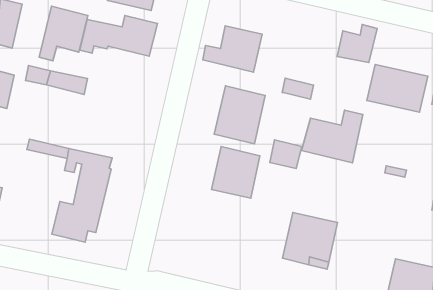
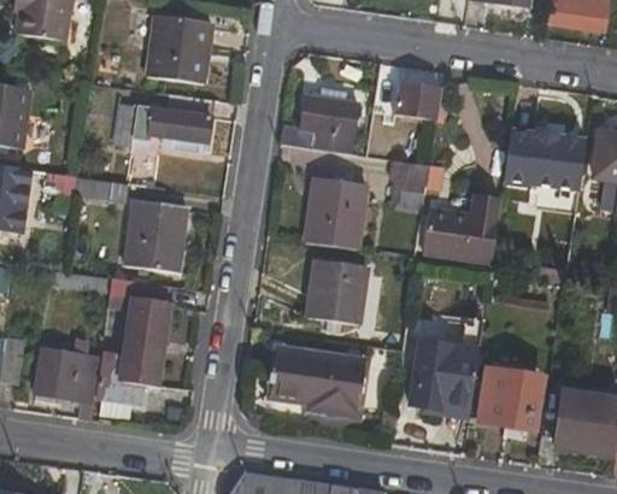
building: [39,6,88,61] -> none
building: [337,24,377,63] -> [394,70,445,120]
building: none -> [122,201,186,272]
building: [270,140,302,168] -> [388,178,429,214]
building: none -> [34,341,100,421]
building: none -> [270,346,366,418]
building: none -> [484,367,537,428]

